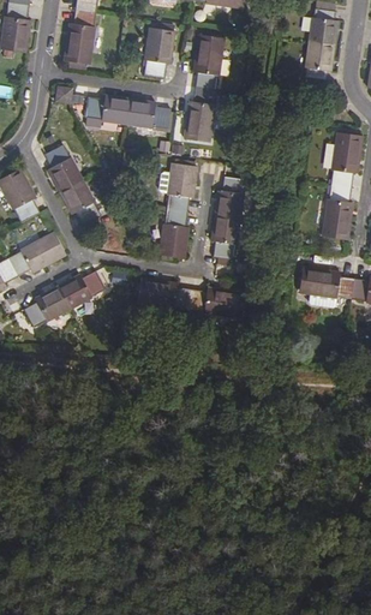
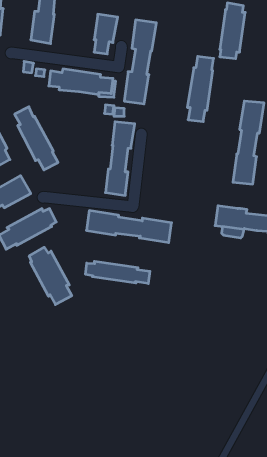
building: [213,177,246,259] -> [187,56,214,122]
building: none -> [29,247,72,305]
building: none -> [86,261,150,284]

